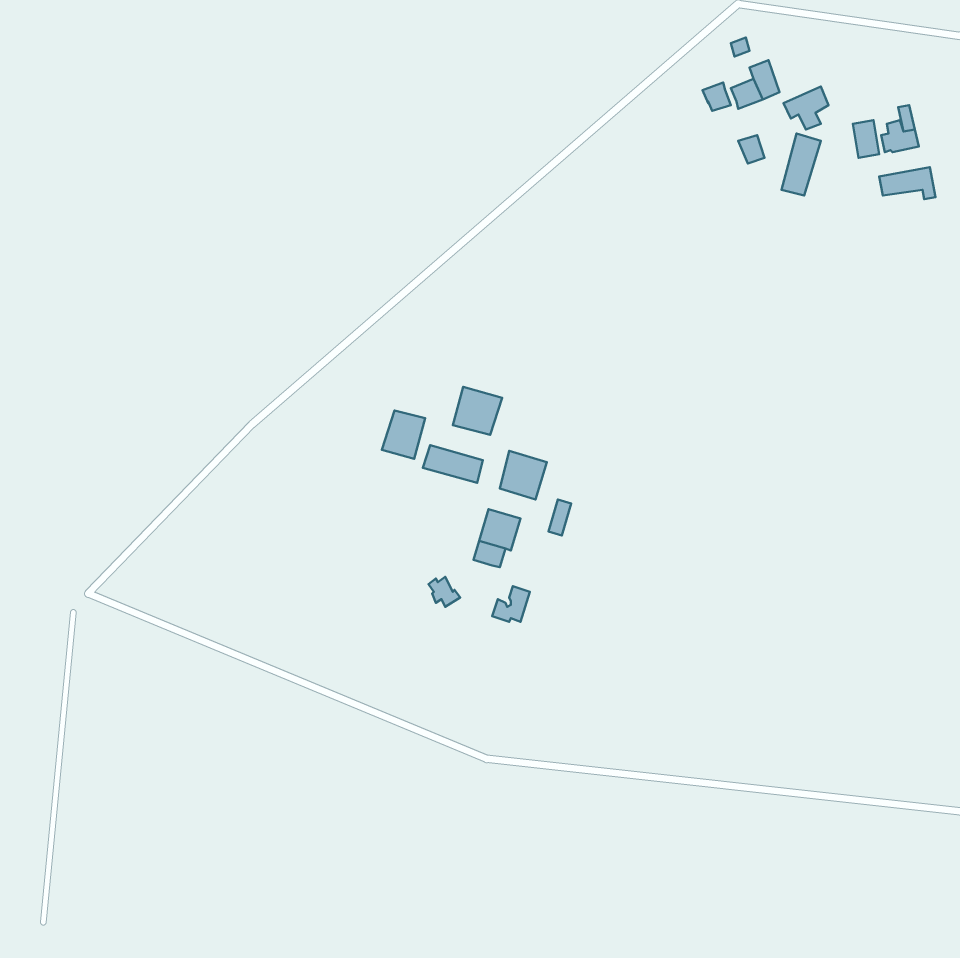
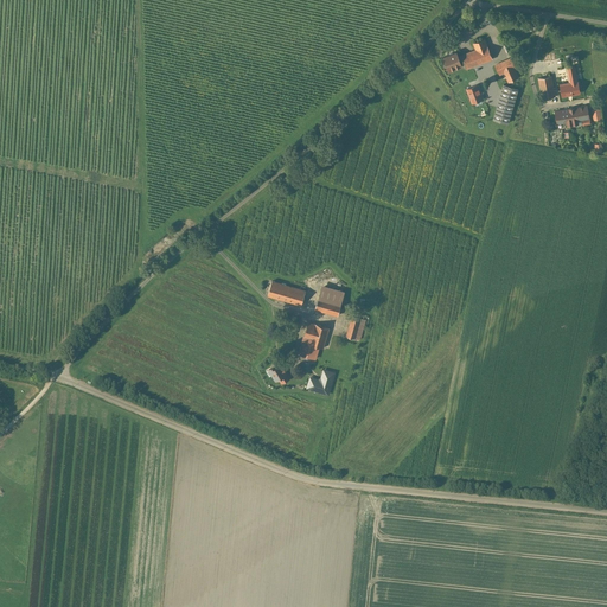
building: [453,387,502,435] -> none
building: [382,410,425,459] -> none

